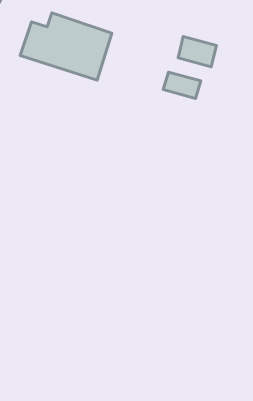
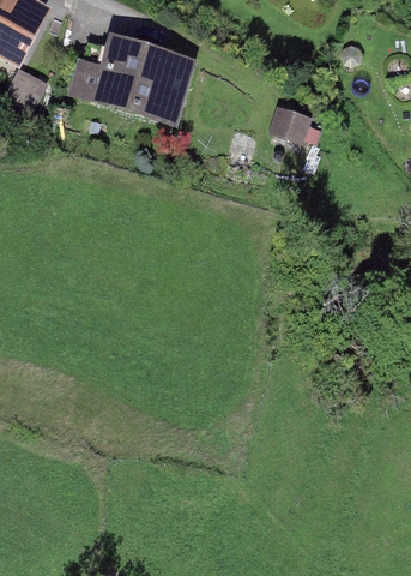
building: [178,37,216,67] -> none

